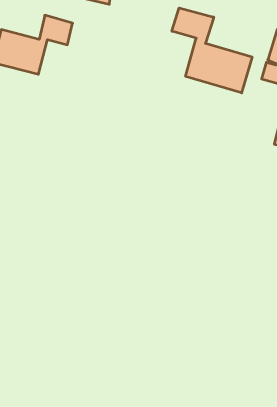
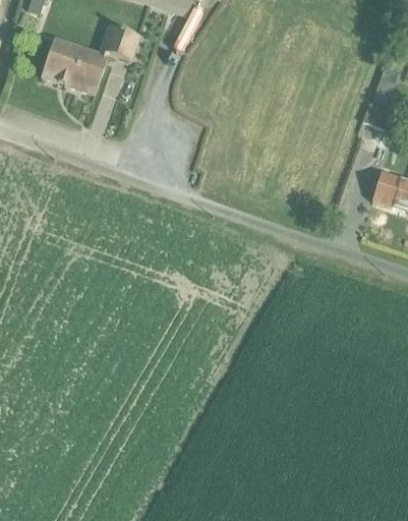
building: [172,8,252,93] -> none

